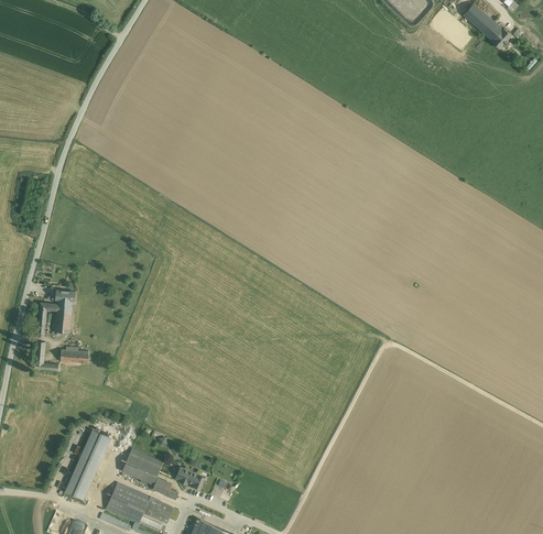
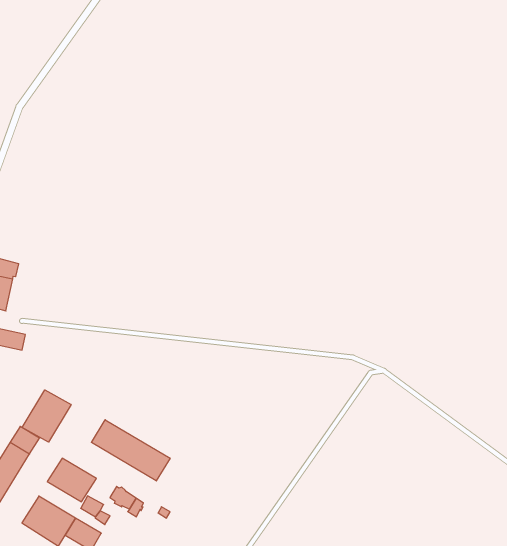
building: none -> [22,390,71,442]
building: none -> [91,420,170,481]

